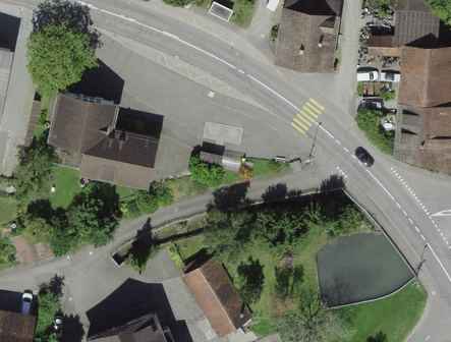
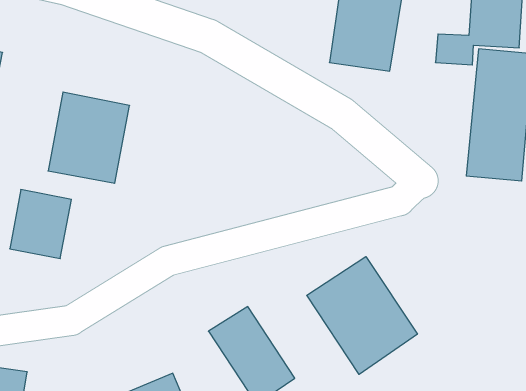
building: [104,119,155,176] -> [10,190,71,259]
building: none -> [307,257,417,374]

